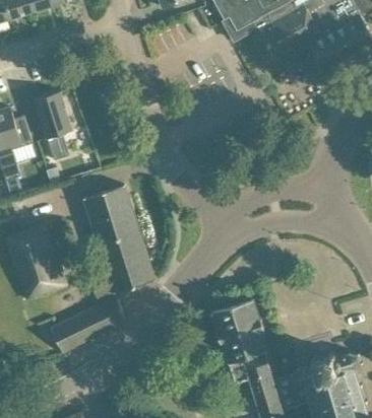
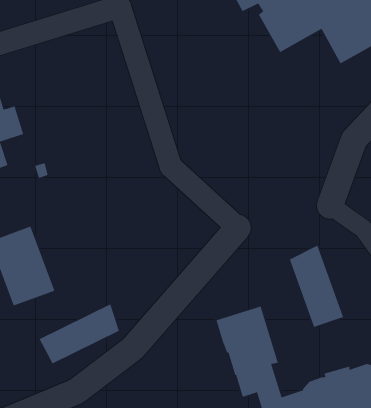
building: [42,89,79,158] -> none
building: [84,184,156,297] -> none
building: none -> [289,244,344,328]

